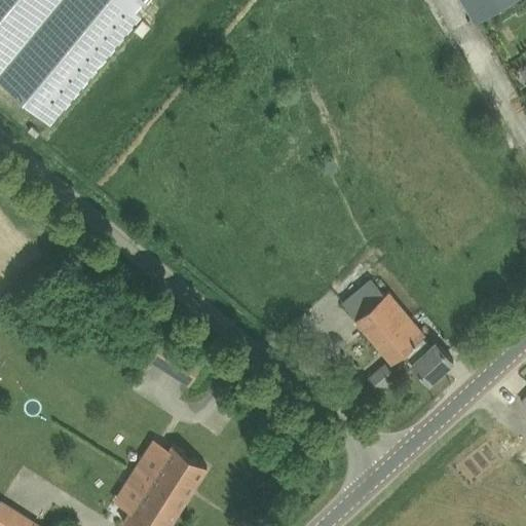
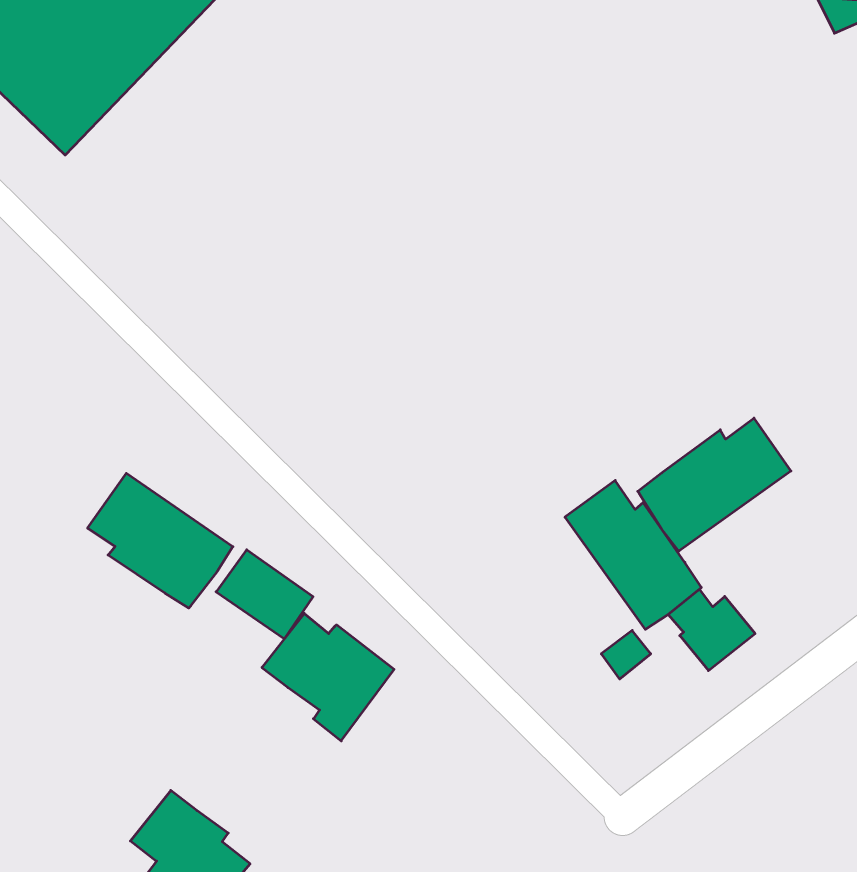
building: none -> [638,418,791,551]
building: none -> [88,473,233,608]
building: [133,441,206,511] -> [262,613,394,741]

